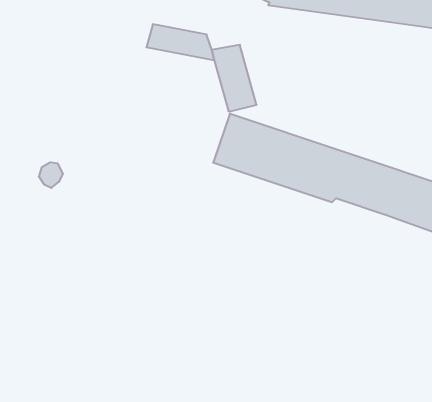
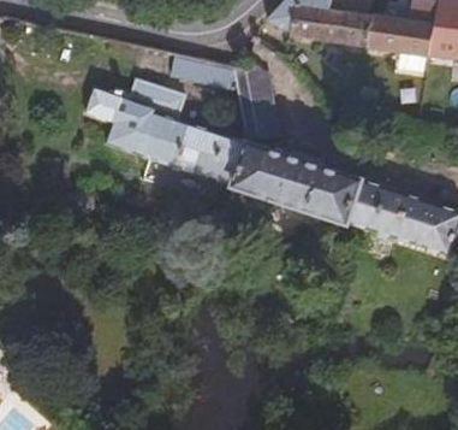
building: none -> [90,73,249,184]

